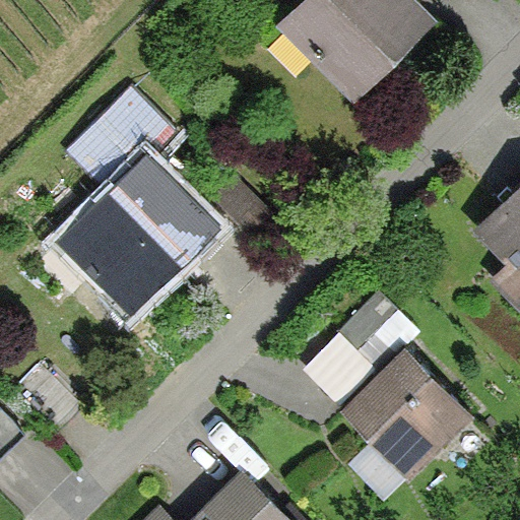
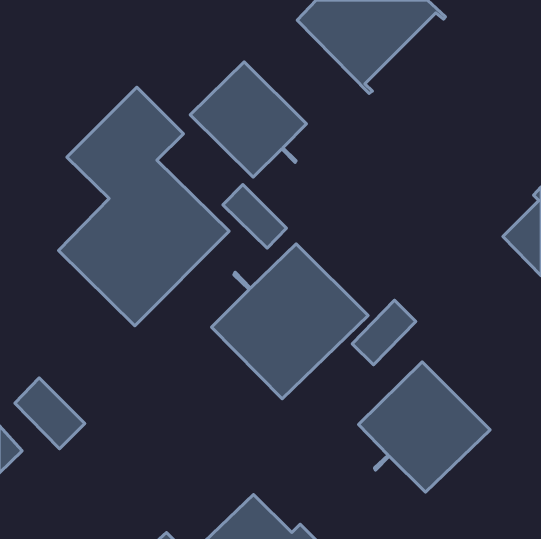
building: none -> [190,62,306,177]
building: none -> [211,244,368,399]

